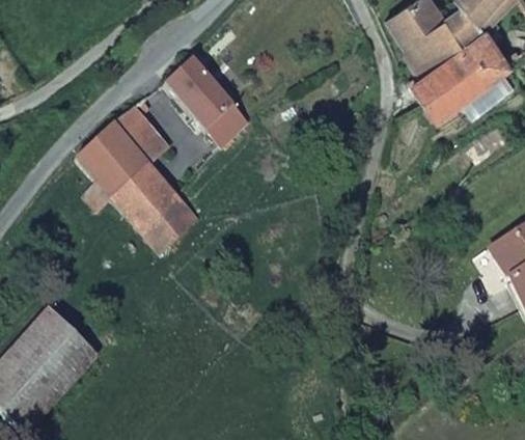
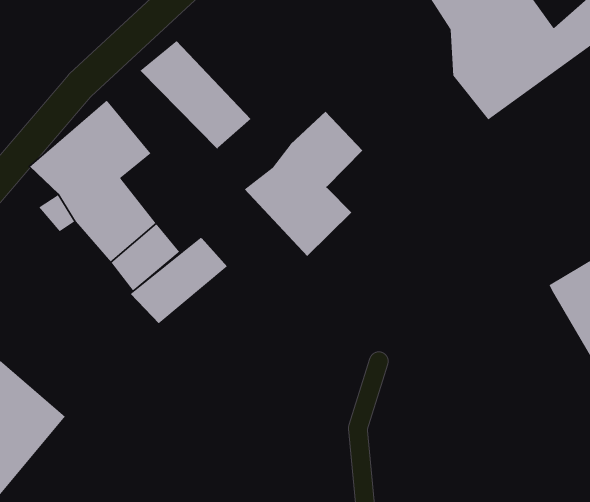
building: none -> [244,111,363,257]
building: none -> [130,237,228,324]

